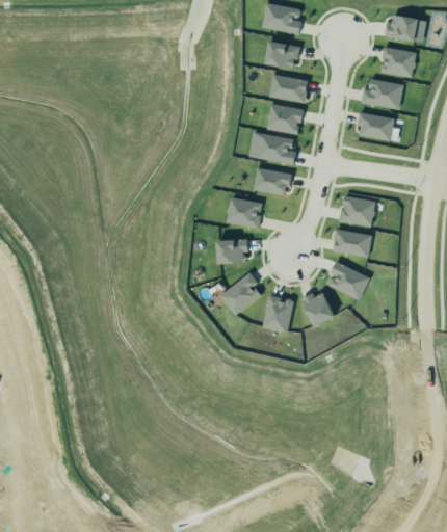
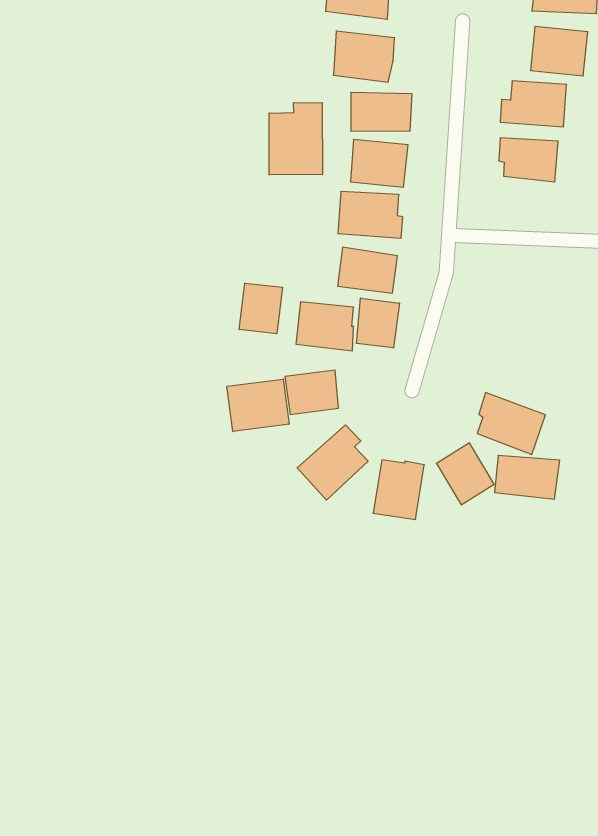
building: none -> [269,103,322,175]
building: none -> [239,283,282,334]
building: [340,195,376,227] -> none
building: none -> [356,298,399,348]
building: [333,229,373,258] -> [495,456,560,499]
building: none -> [227,379,289,432]

